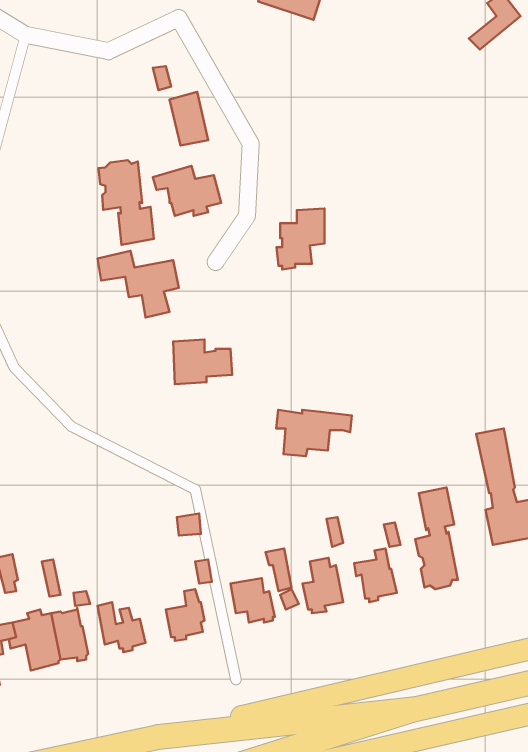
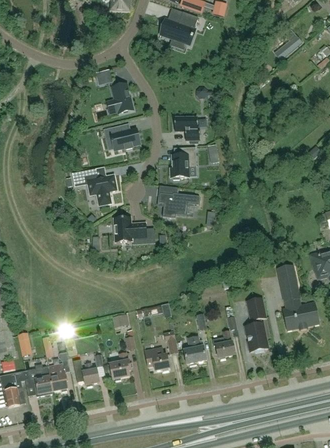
building: none -> [174,117,199,140]
building: [99,160,154,245] -> none
building: [276,410,352,456] -> [158,193,199,218]

